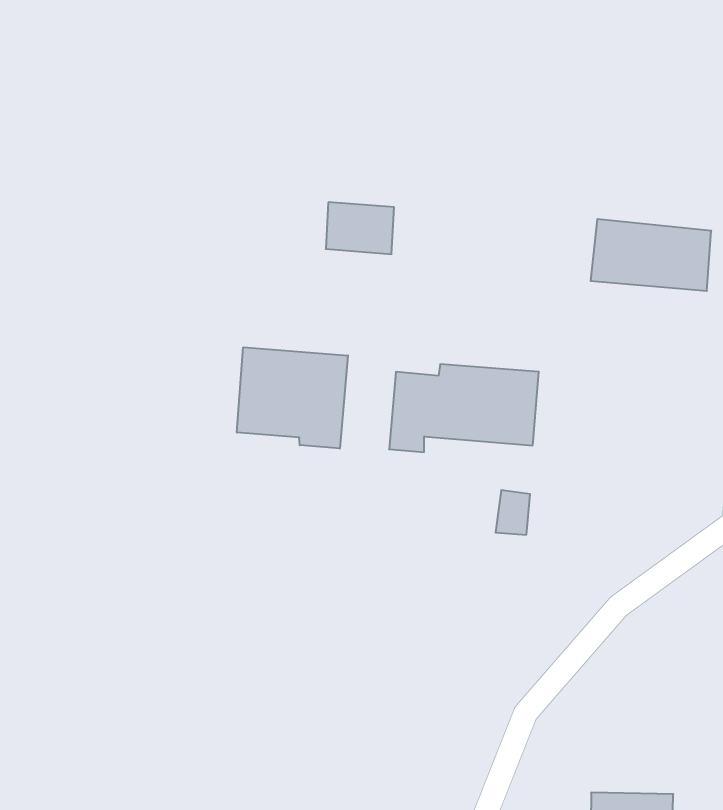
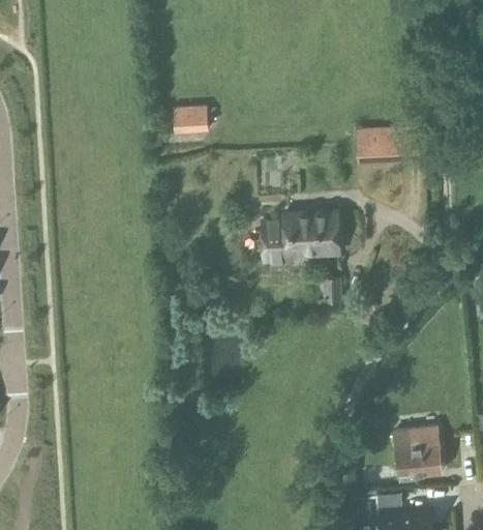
building: [326,202,394,254] -> [173,102,210,129]
building: [237,347,348,449] -> none

